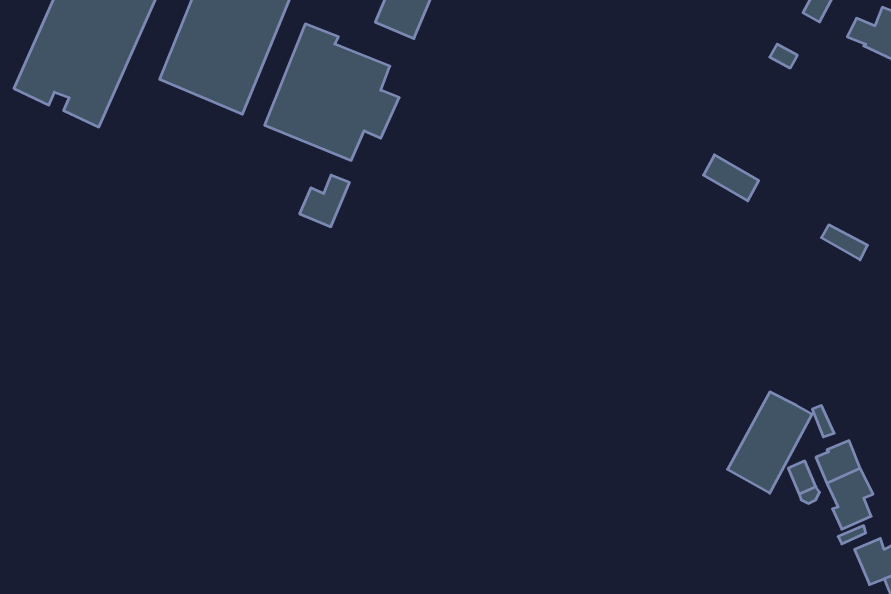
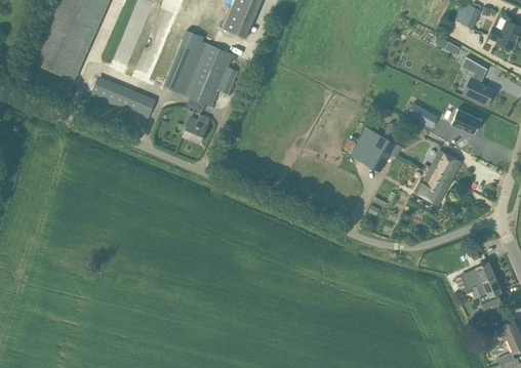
building: none -> [464,65,491,105]
building: none -> [90,77,156,120]
building: none -> [451,110,481,134]
building: none -> [351,128,396,172]
building: [727,392,812,493] -> [414,150,462,206]

